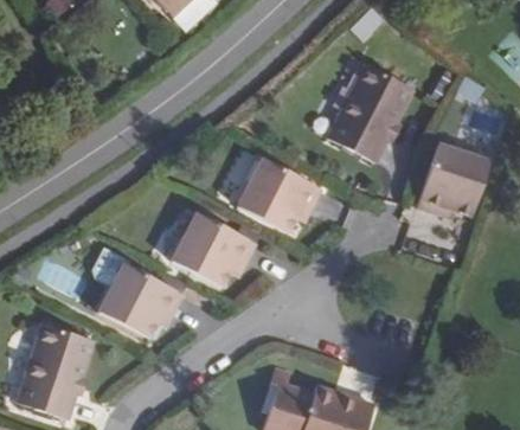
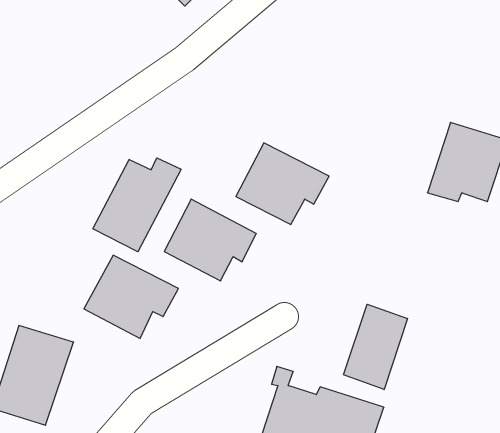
building: [330,64,413,161] -> none
building: none -> [93,158,181,252]
building: none -> [343,304,407,390]

